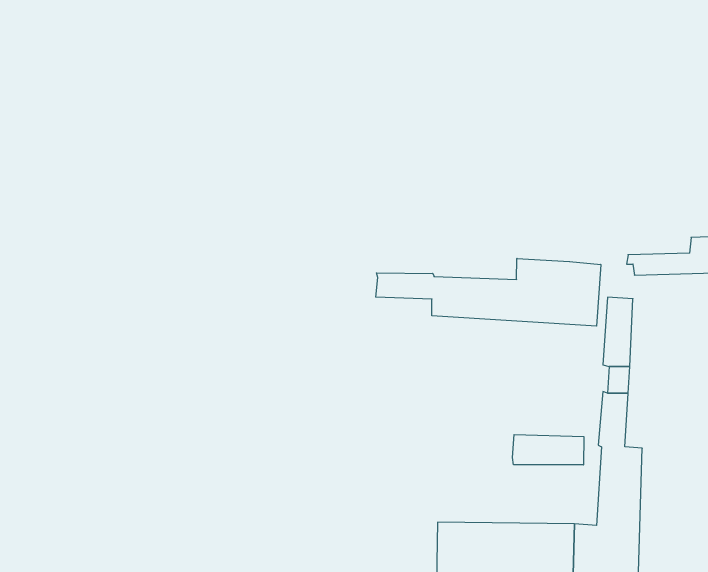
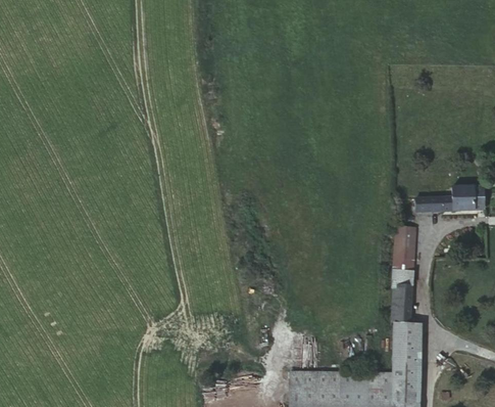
building: [376,258,601,326] -> none
building: [512,435,584,465] -> none

